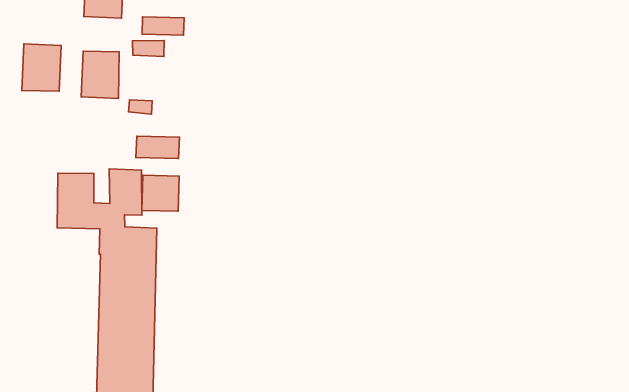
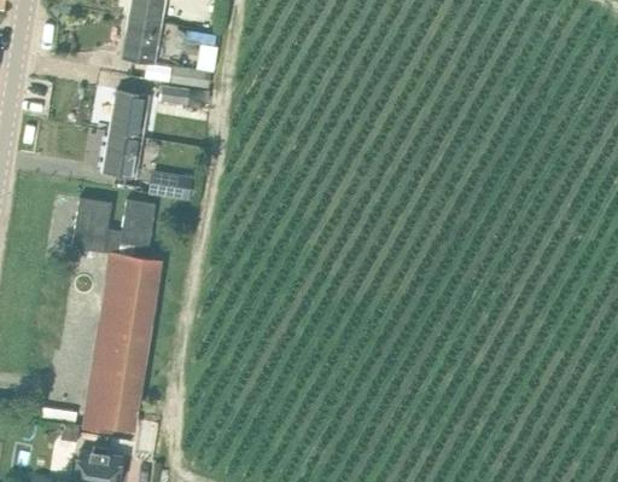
building: [22,44,61,91] -> [101,132,142,179]
building: [142,175,179,211] -> none

